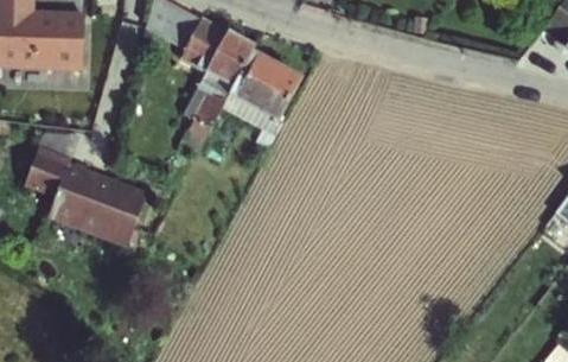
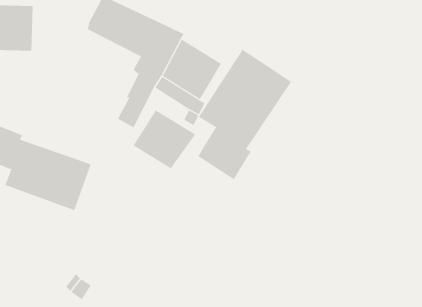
building: none -> [198,49,292,180]
building: none -> [133,110,196,169]

